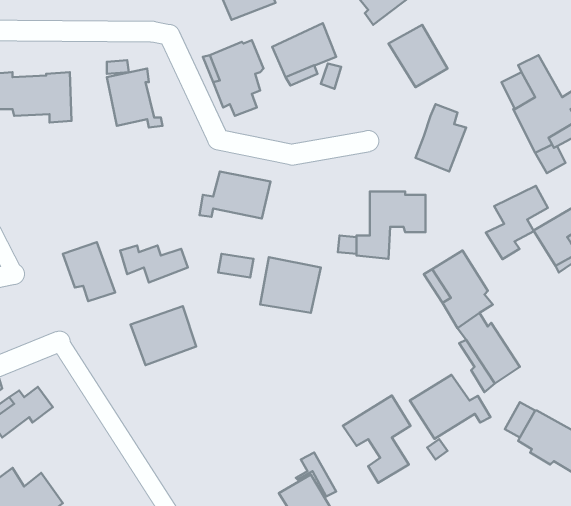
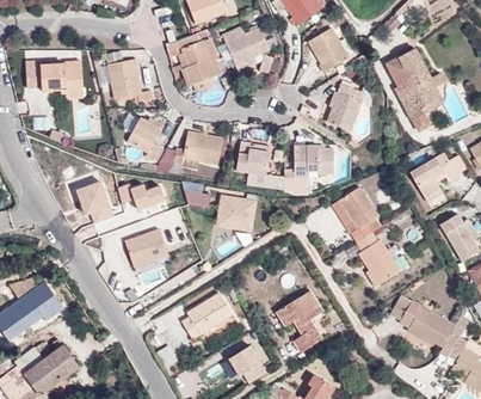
building: none -> [127,118,162,161]
building: none -> [235,141,269,176]
building: [486,186,548,259] -> none
building: [410,375,490,439] -> none
building: none -> [181,293,232,339]

